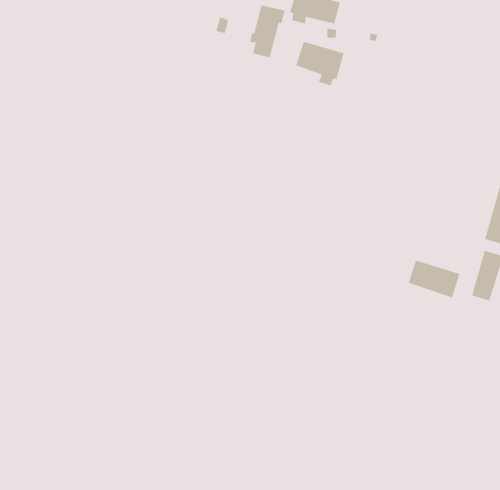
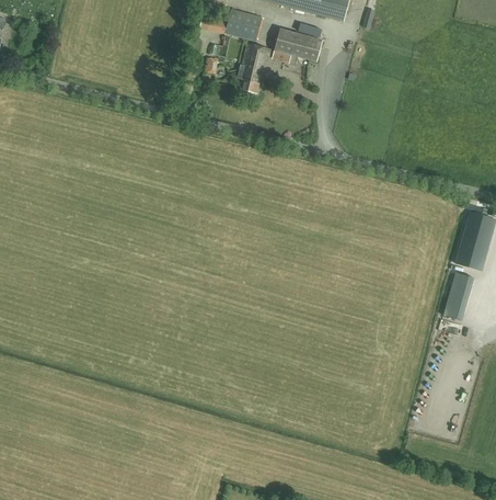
building: [295,41,345,87] -> none
building: [408,260,460,298] -> none

